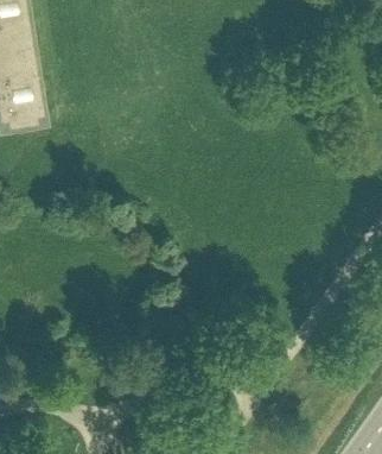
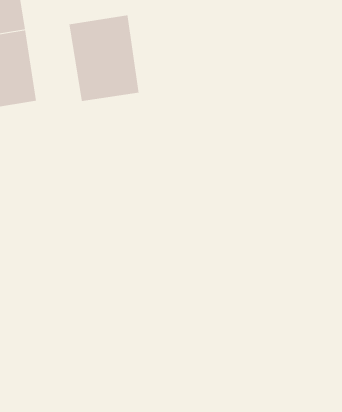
building: none -> [69,14,139,102]

